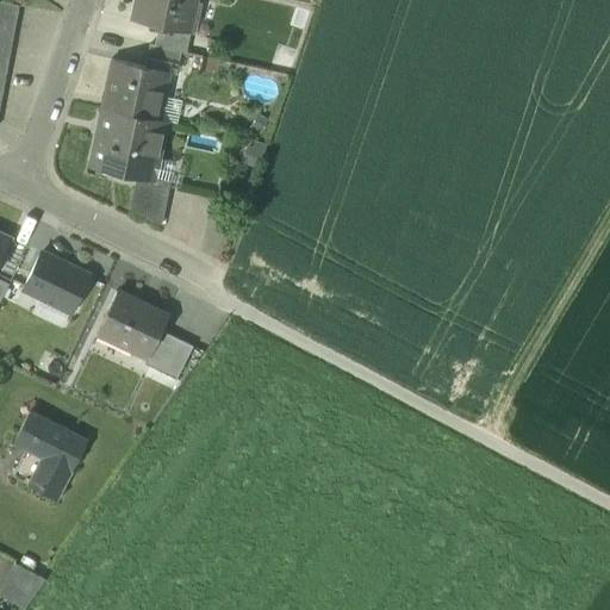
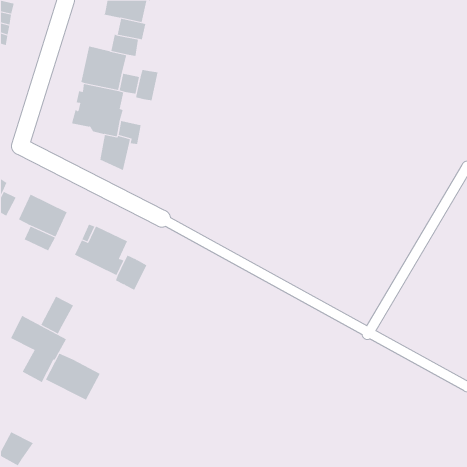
building: none -> [135,69,158,101]
building: none -> [40,296,74,334]
building: none -> [45,353,100,400]

